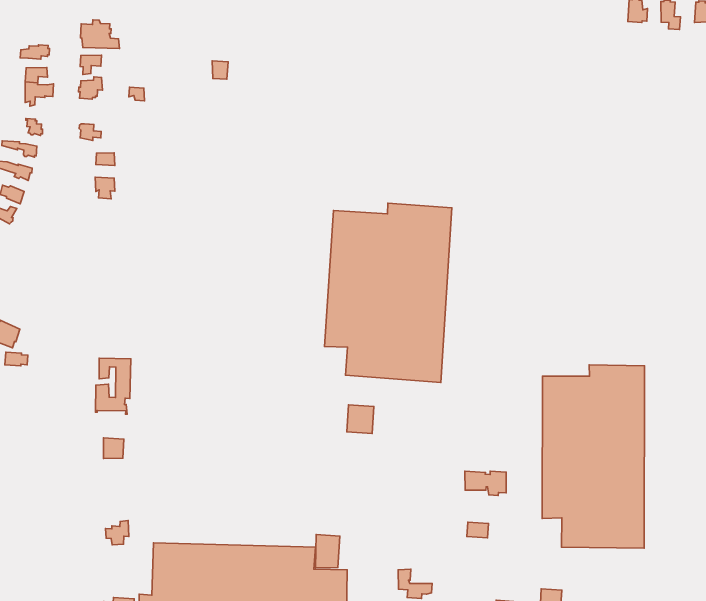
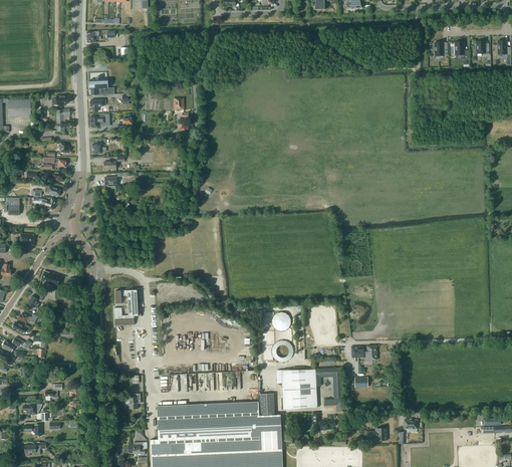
building: [324,203,452,382] -> none
building: [542,365,645,548] -> none
building: none -> [281,369,341,412]

